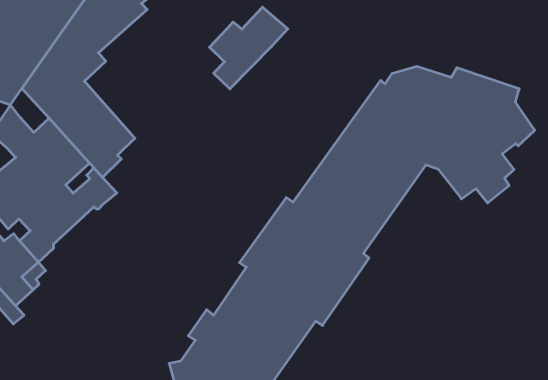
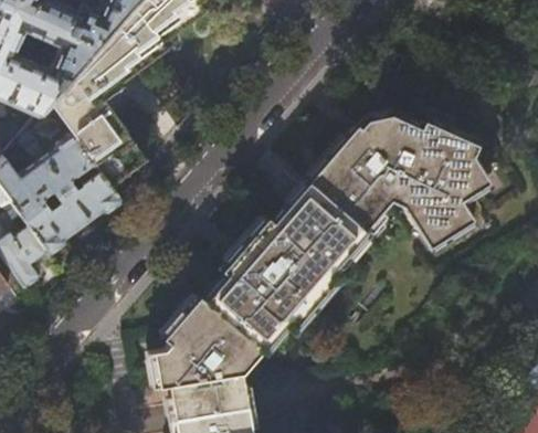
building: [209,7,288,89] -> none

